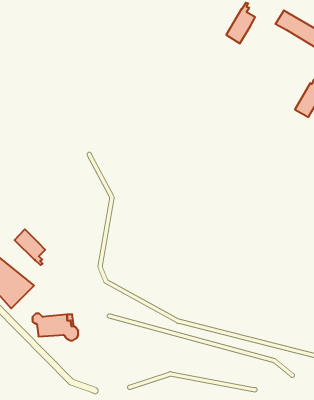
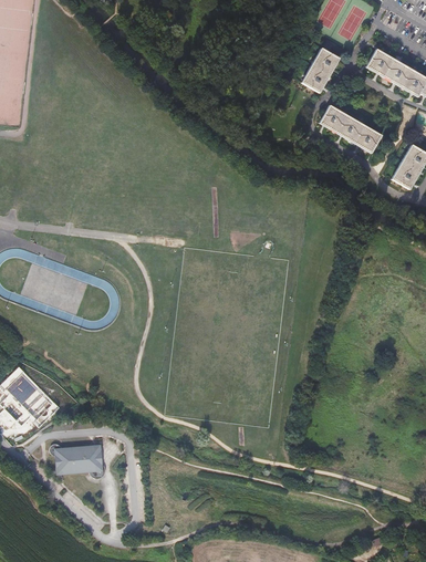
building: none -> [320,104,382,152]
building: [15,229,45,265] -> none

